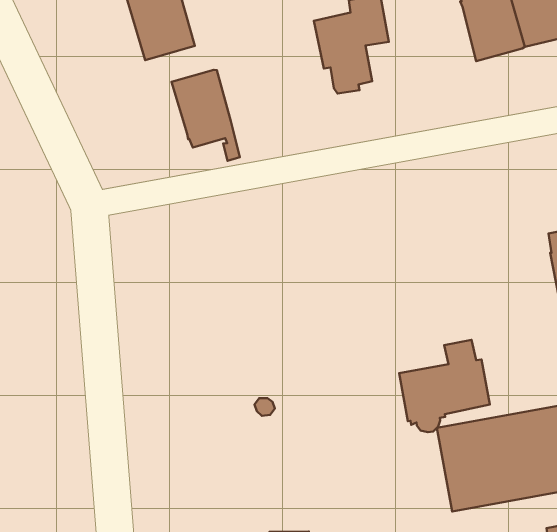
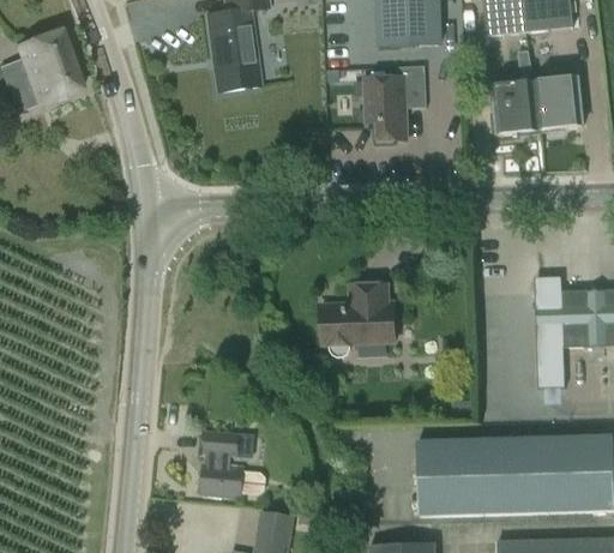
building: [172,70,240,161] -> none
building: [399,340,490,432] -> [321,283,395,356]
building: none -> [200,428,267,497]

